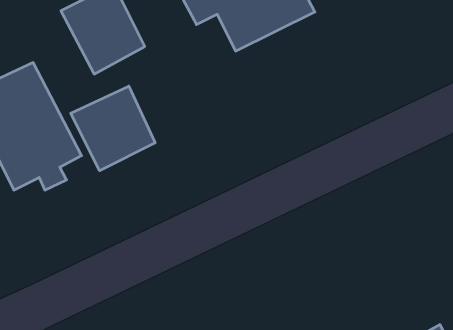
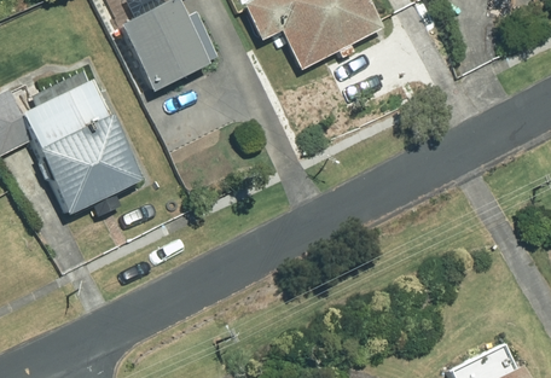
building: [71,86,155,171] -> none

